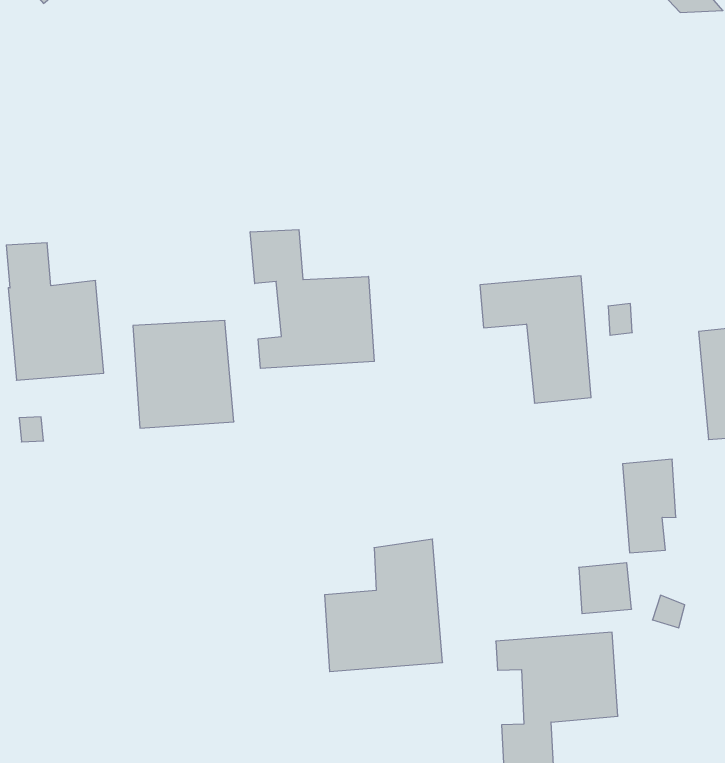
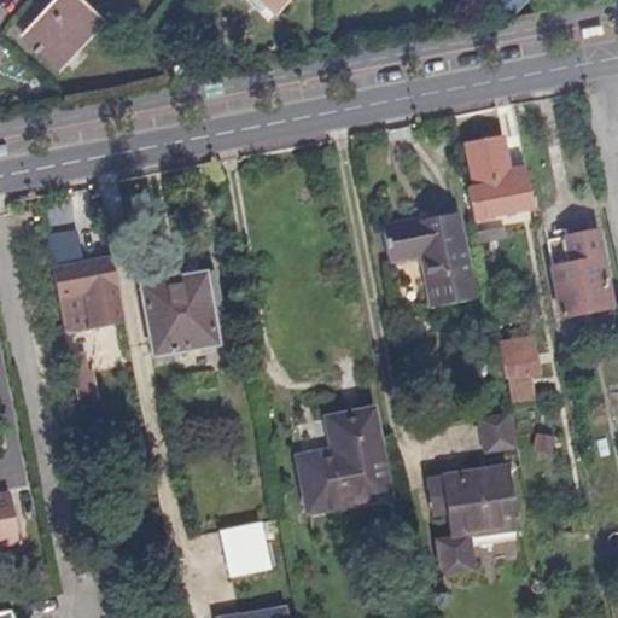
building: none -> [465,138,532,220]
building: [250,230,374,368] -> none
building: none -> [223,521,267,567]

